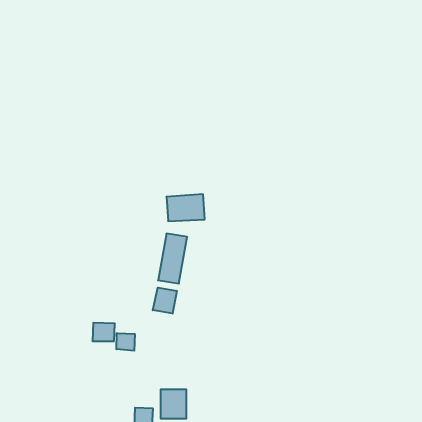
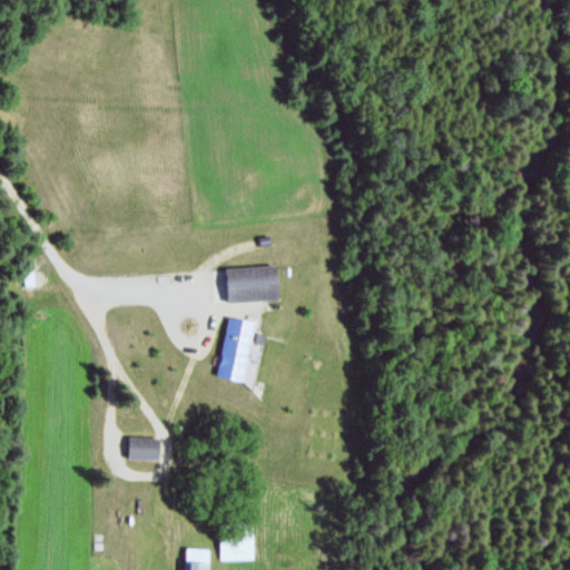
building: [153,288,177,314] -> none
building: [116,333,135,351] -> none

